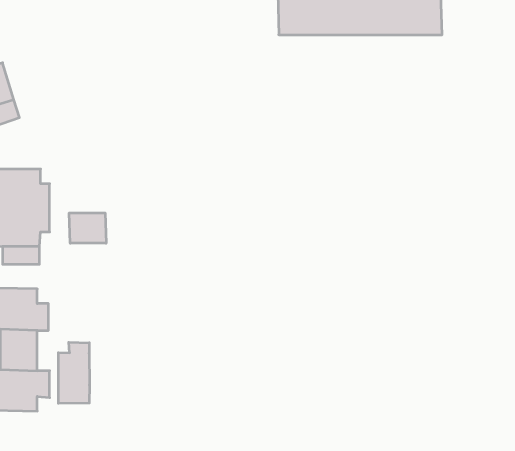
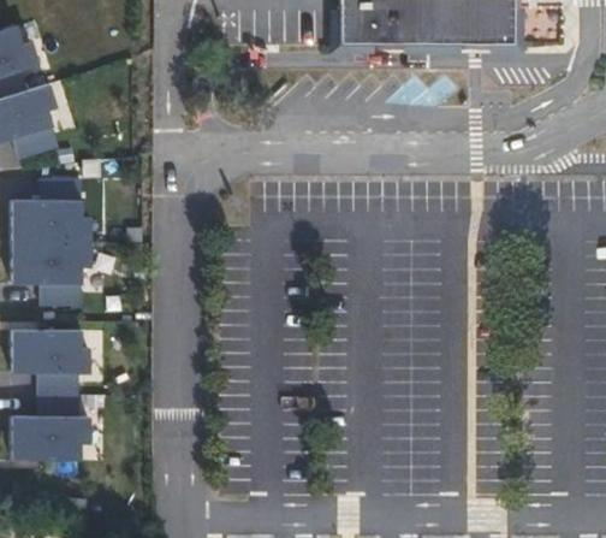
building: [69,213,106,243] -> none
building: [58,342,89,403] -> none

